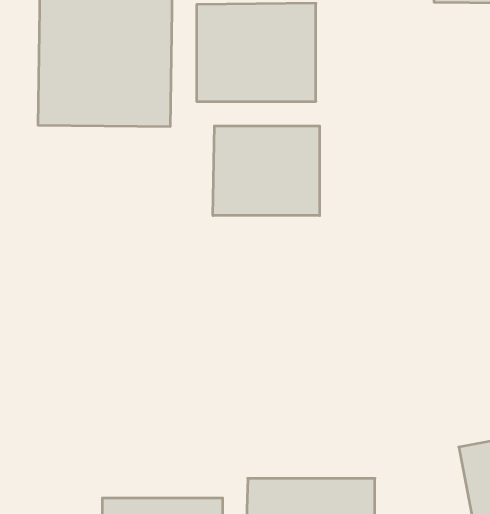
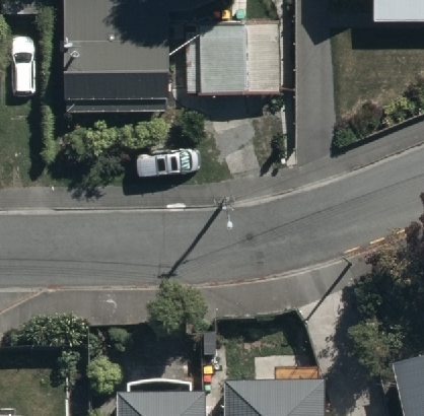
building: [213,126,320,216] -> none

